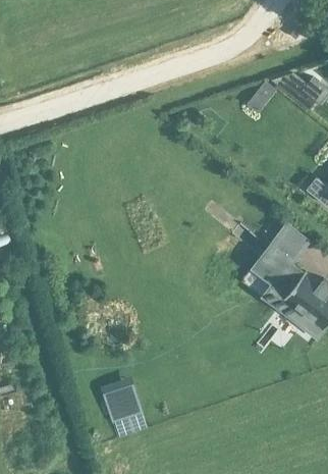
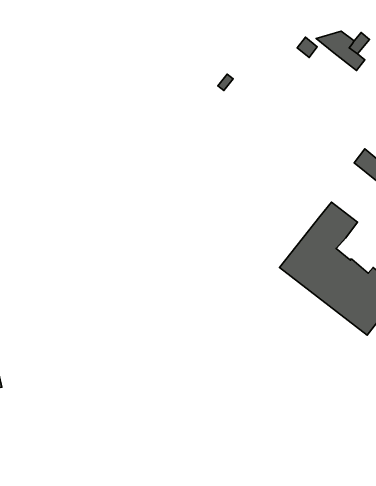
building: [104,385,139,421] -> none

